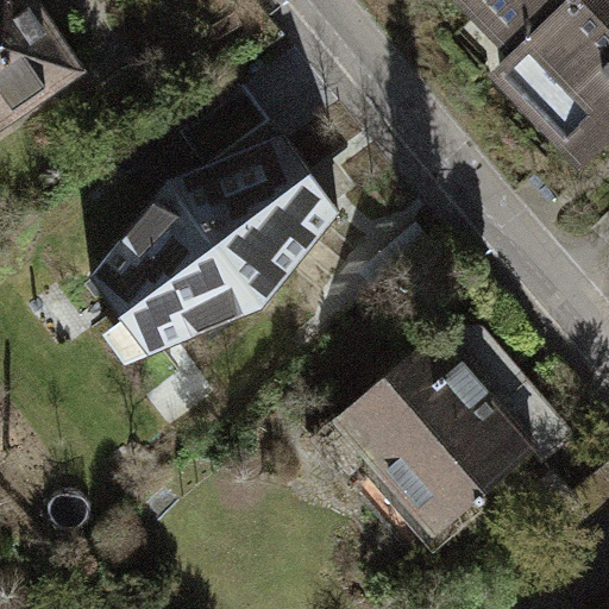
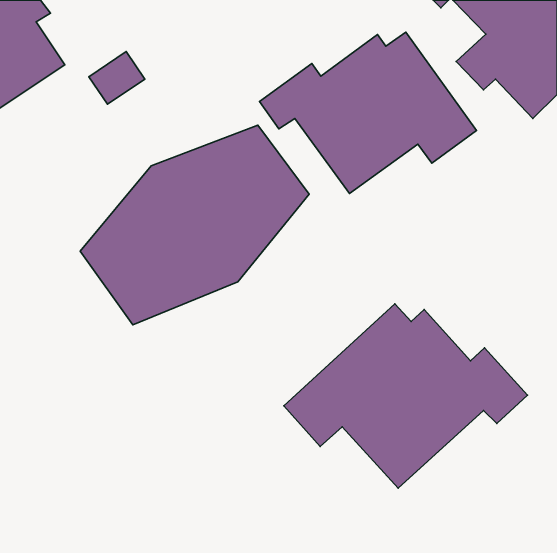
building: none -> [260,32,476,194]

